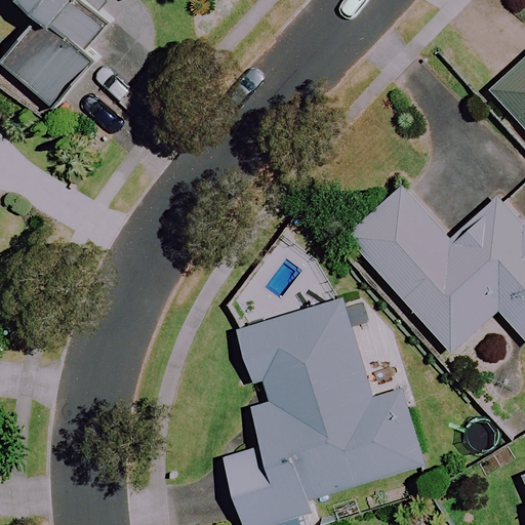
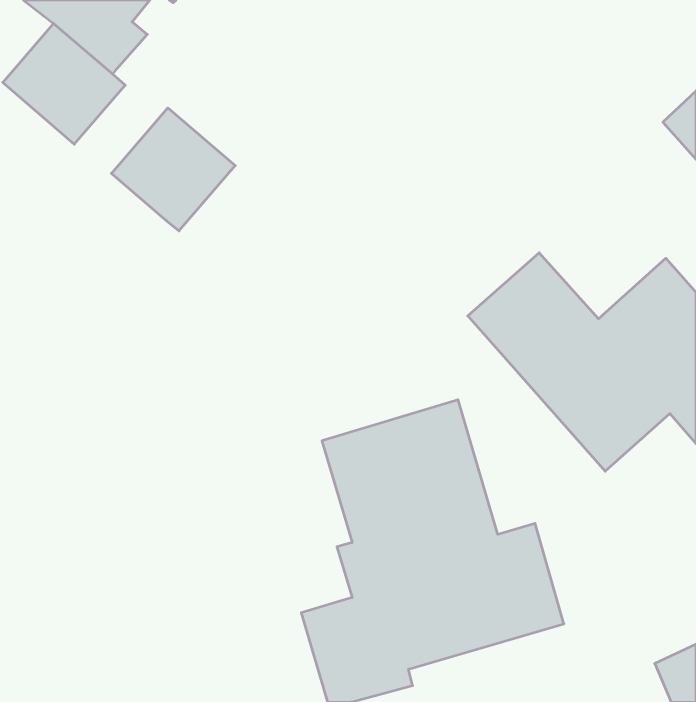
building: none -> [111,108,235,231]

